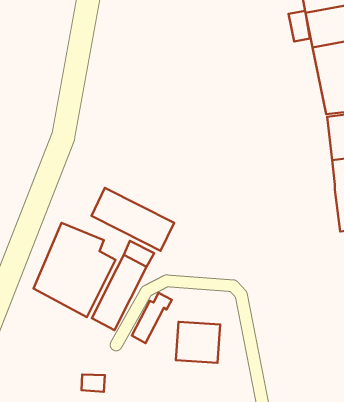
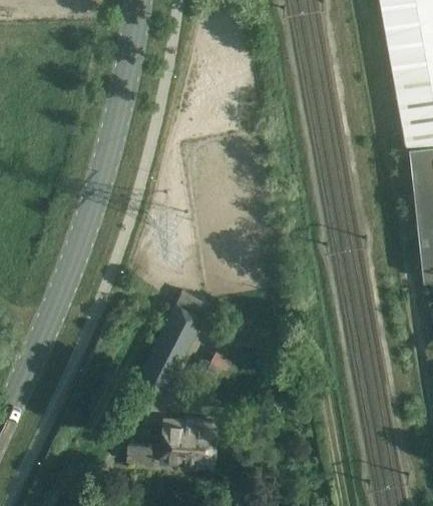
building: [288,11,310,42] -> none
building: [91,188,174,251] -> none
building: [33,223,116,317] -> none
building: [176,322,220,363] -> [162,422,213,469]

